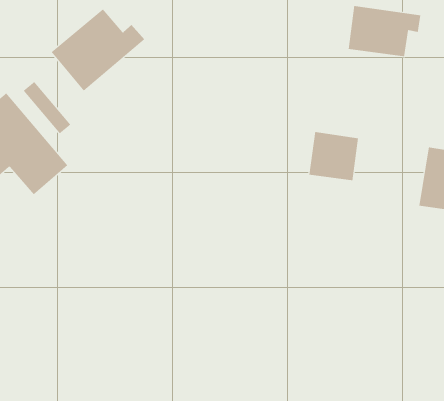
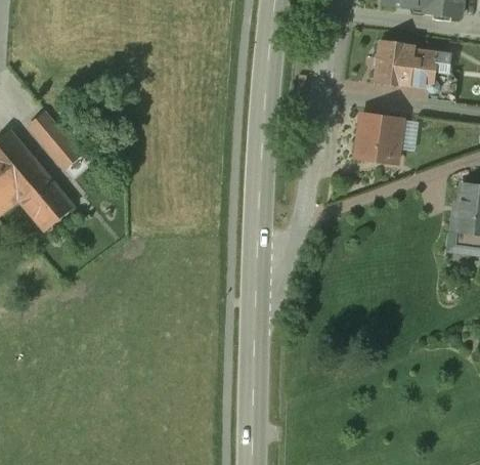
building: [51,8,145,91] -> none
building: [309,131,359,181] -> [354,113,407,165]

